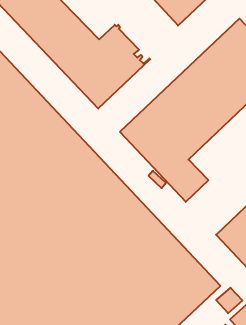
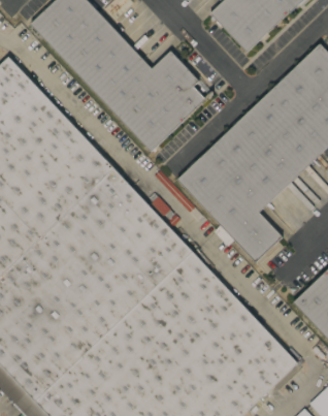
building: [216,288,242,313] -> none

